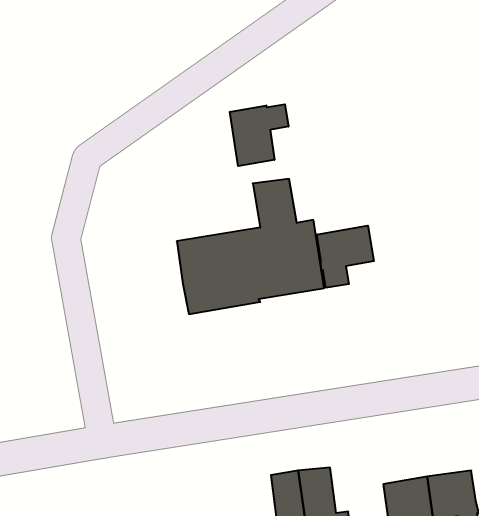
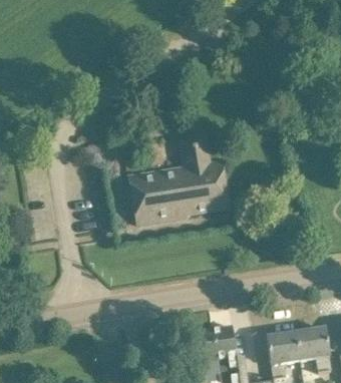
building: [230,104,288,166] -> none
building: [317,226,374,288] -> none

